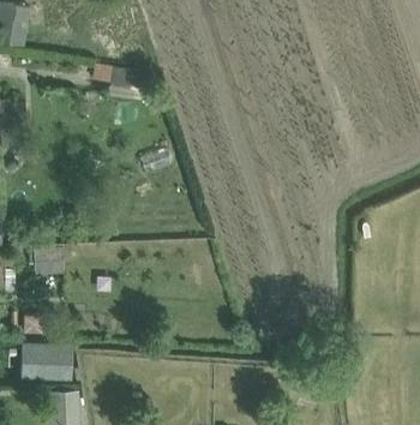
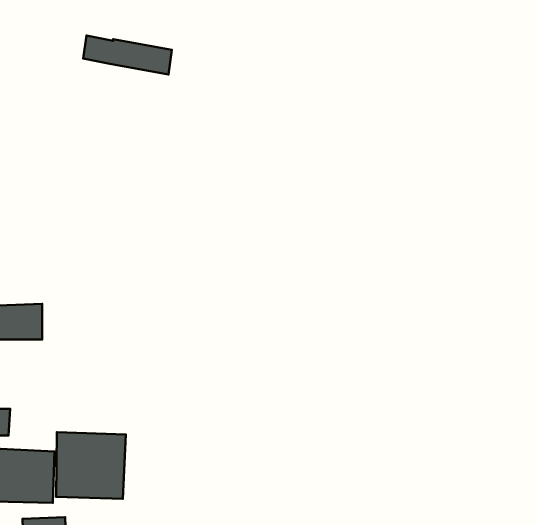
building: none -> [56,432,126,499]

